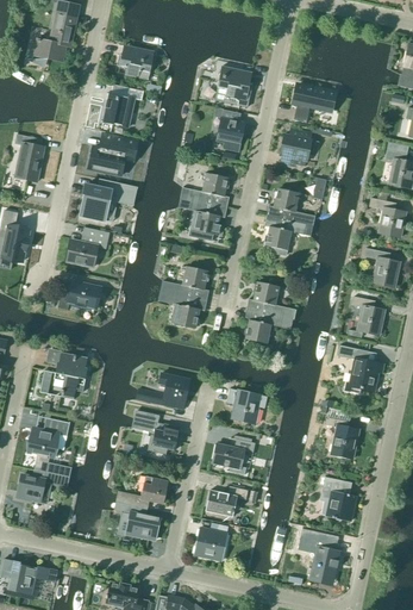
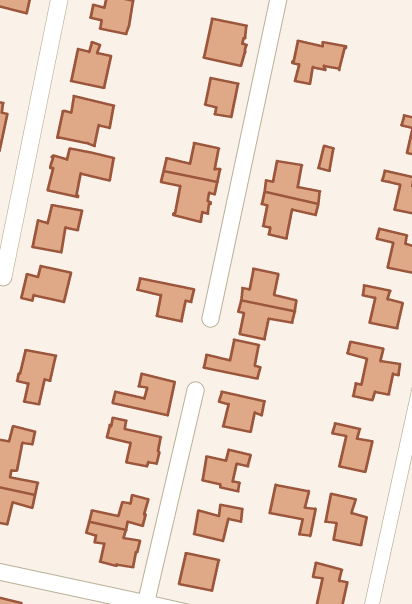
building: [279,132,317,167] -> none
building: [159,267,208,300] -> [204,340,260,378]
building: none -> [270,485,315,536]

